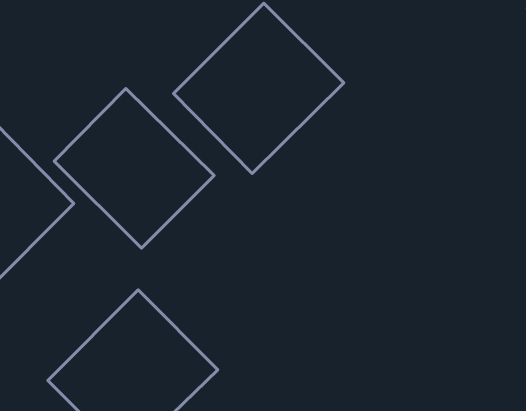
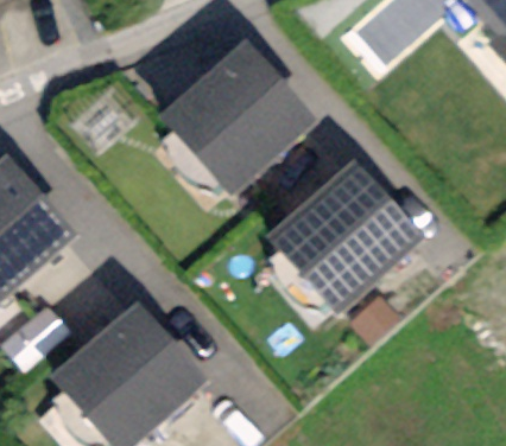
building: [54,88,214,248] -> none
building: none -> [267,166,422,319]

